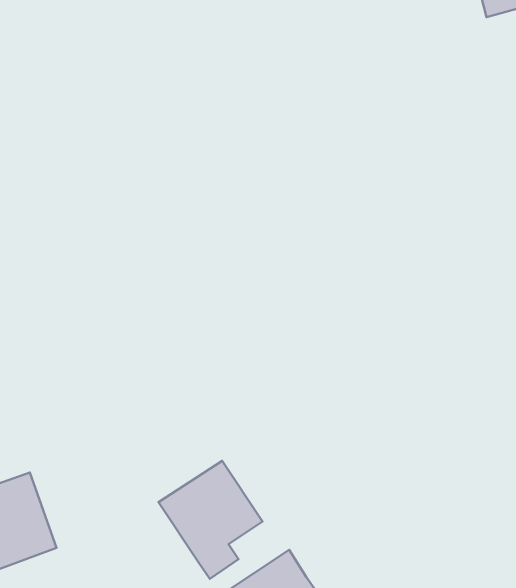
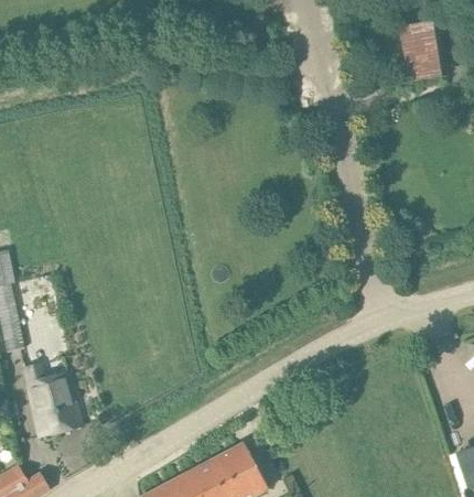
building: [159,461,262,579] -> none

